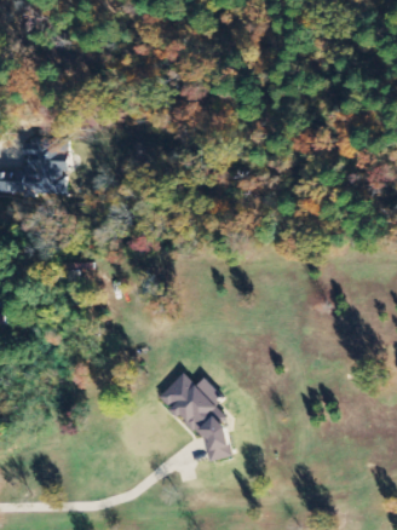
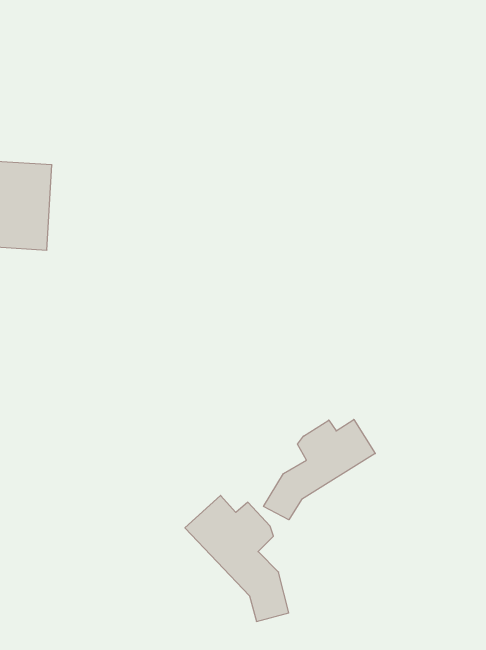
building: none -> [264,419,375,520]

